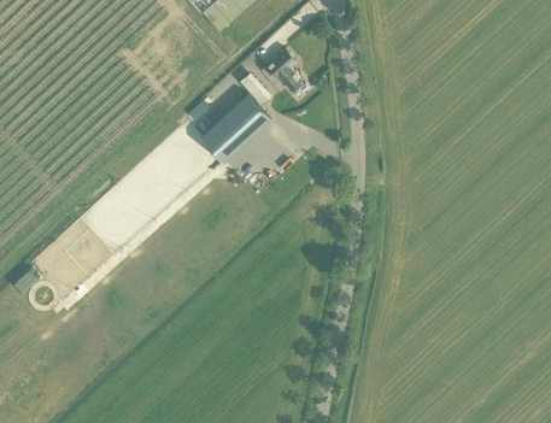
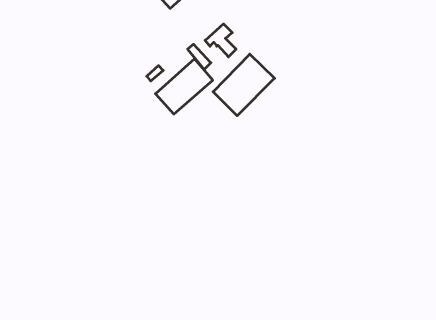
building: none -> [213,54,275,116]

